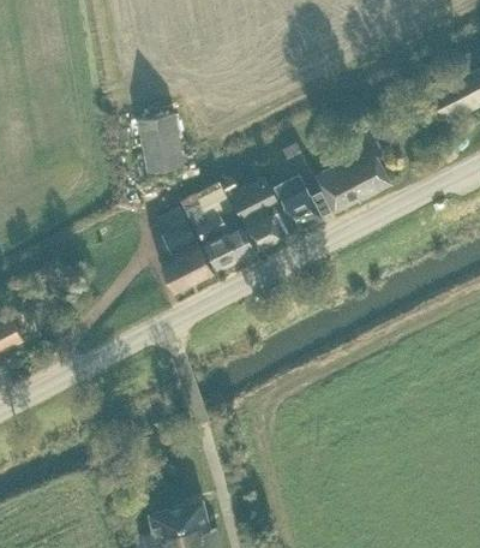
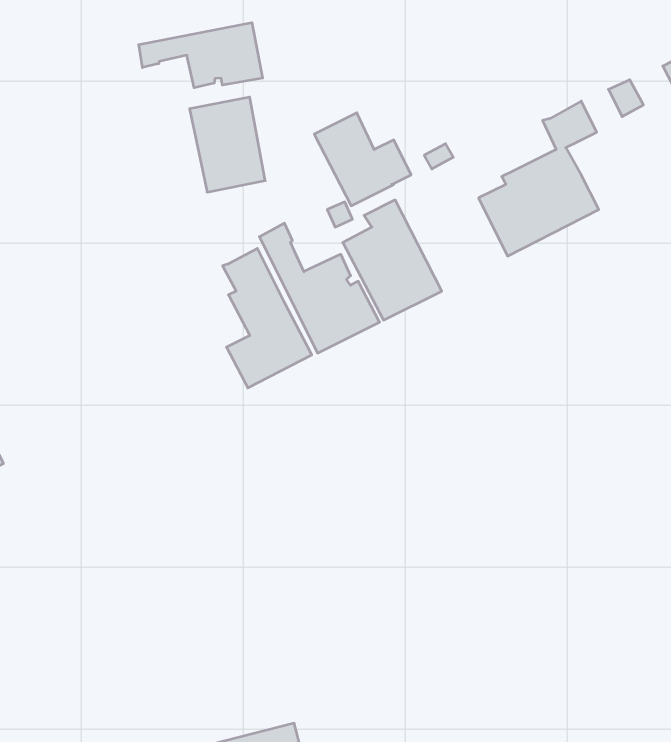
building: none -> [139,23,263,88]
building: [271,173,331,231] -> [314,113,411,206]

